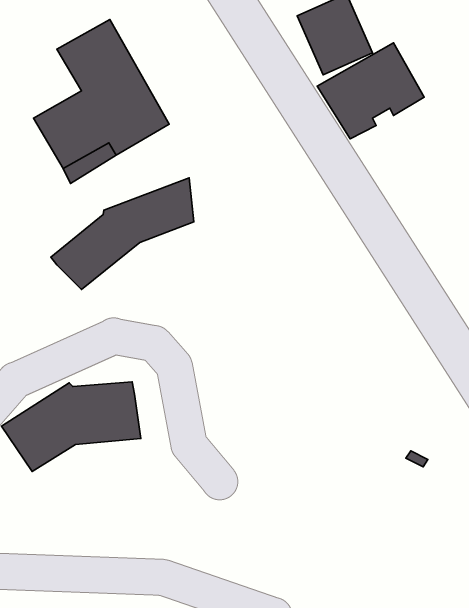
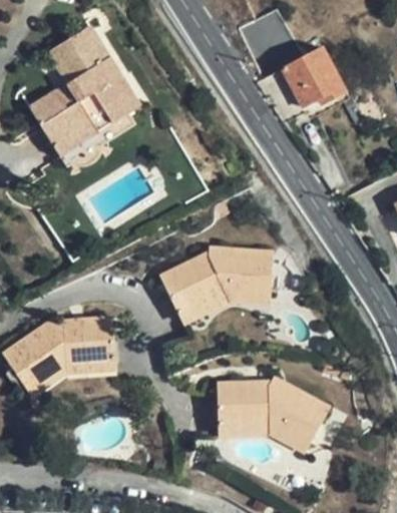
building: [51,178,194,289] -> none
building: none -> [162,247,271,319]
building: none -> [216,379,327,450]

